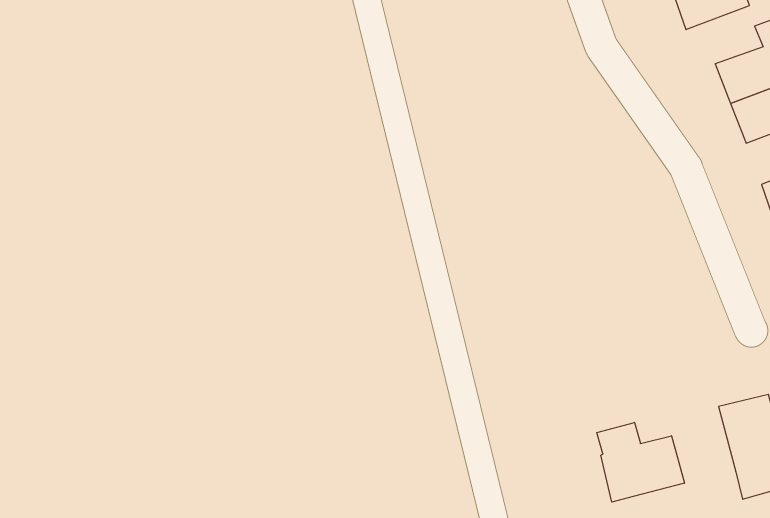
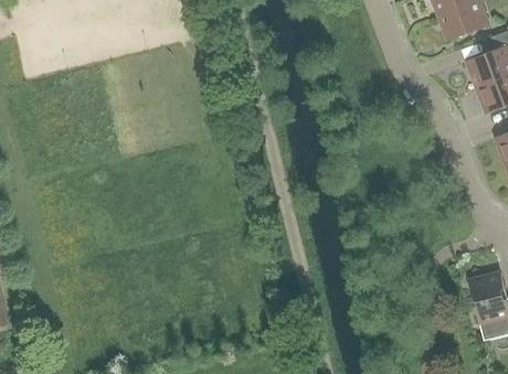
building: [597,422,684,502] -> none

